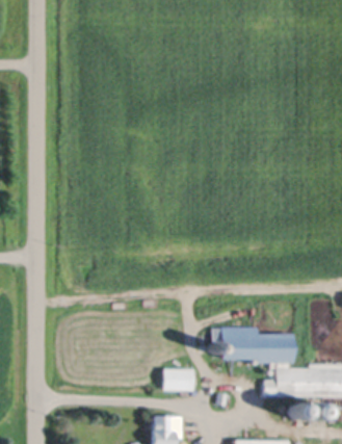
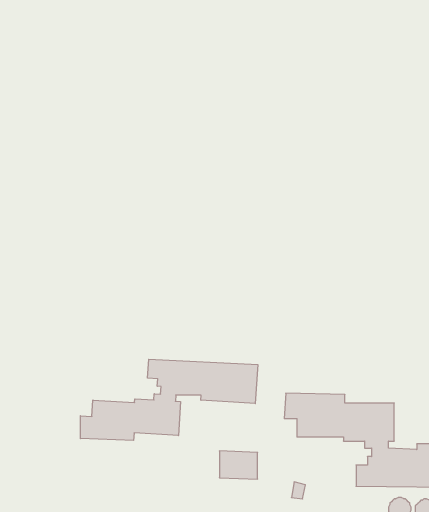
building: none -> [80,359,258,440]

